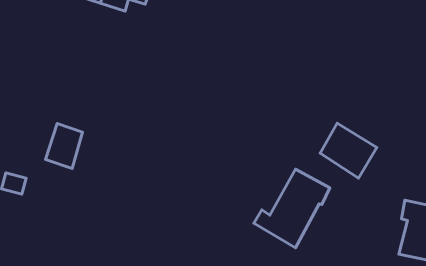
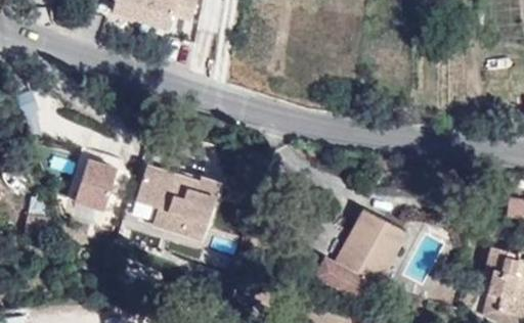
building: [320,123,377,178] -> none
building: none -> [136,165,220,240]

